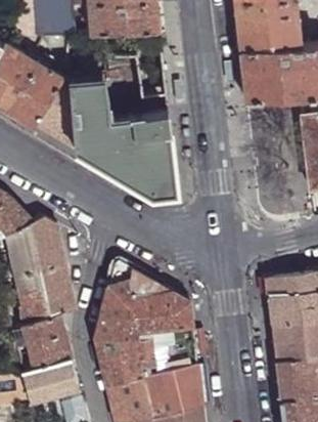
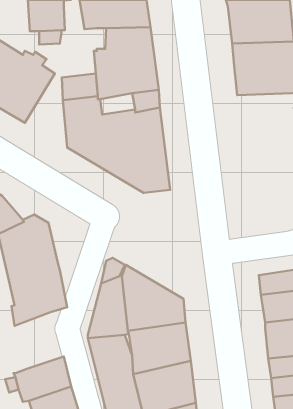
building: [34,78,76,152] -> none
building: [24,315,73,372] -> none

